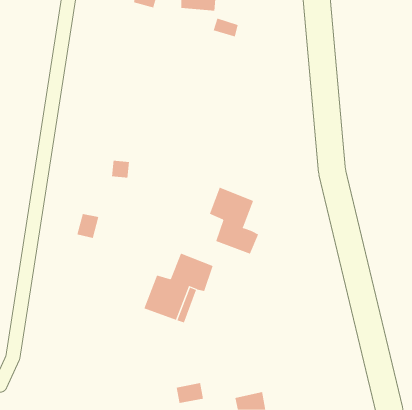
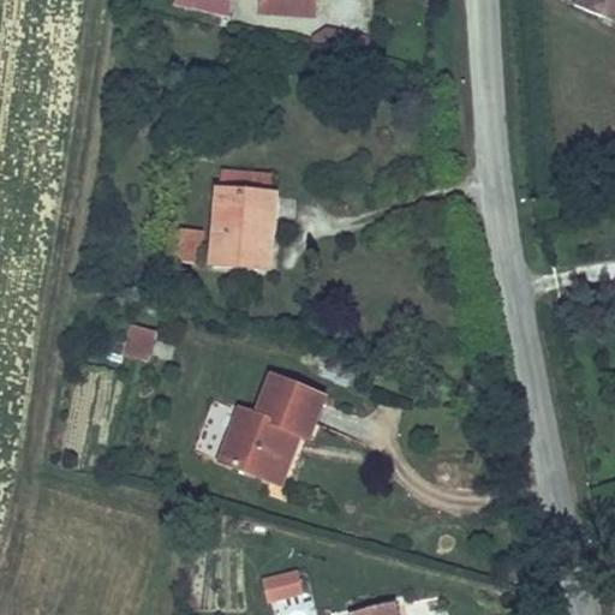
building: none -> [219,168,286,273]
building: [209,187,259,254] -> none

